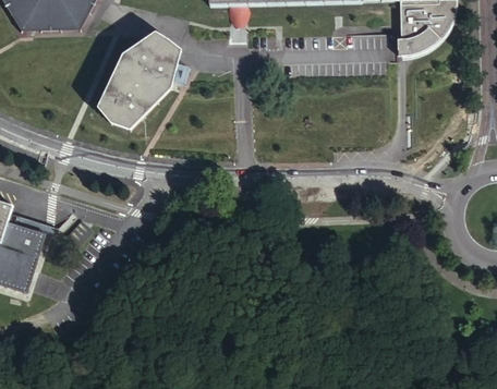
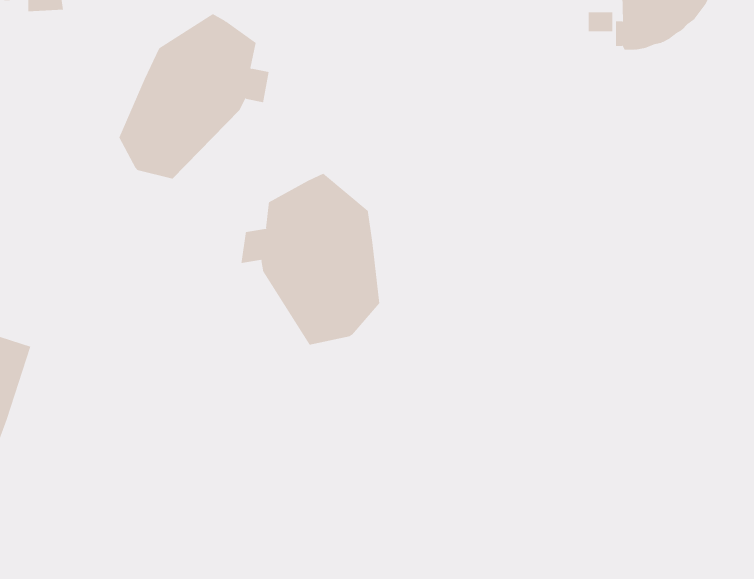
building: none -> [241,173,380,345]

